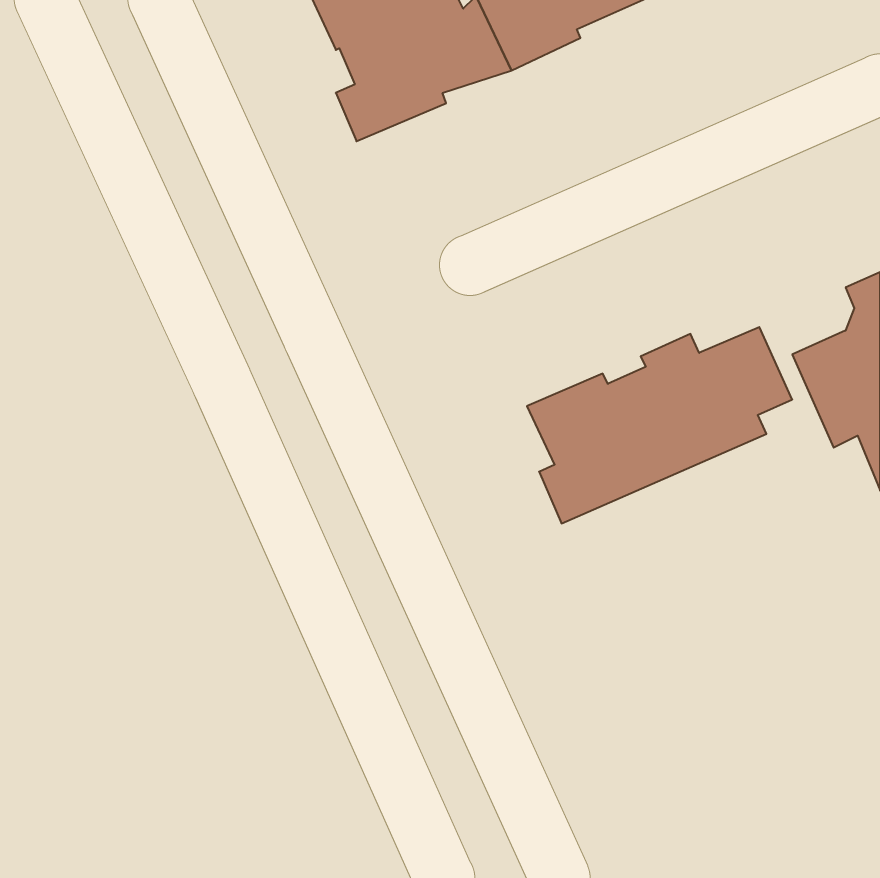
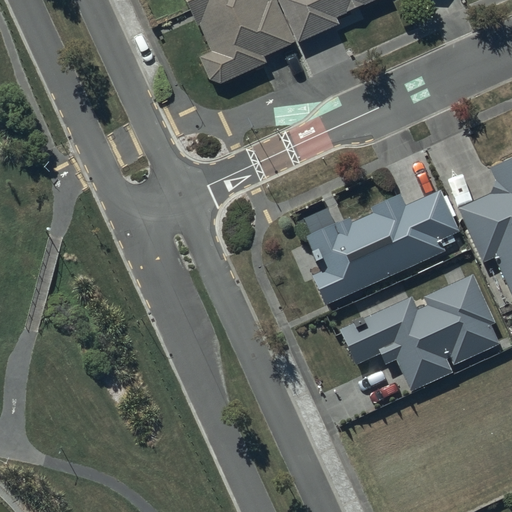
building: none -> [341,273,500,390]

